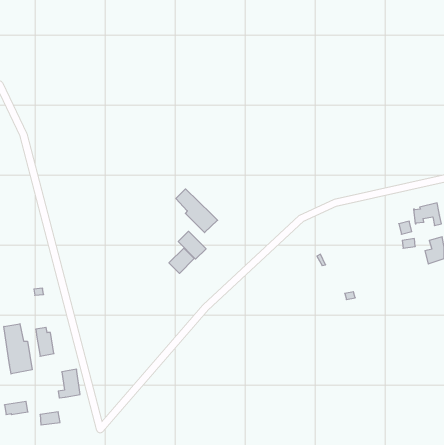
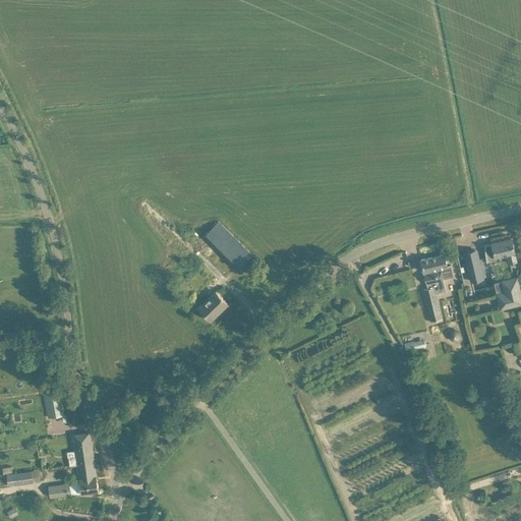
building: none -> [420,253,452,321]
building: [178,231,206,259] -> none
building: [4,324,32,374] -> none
building: none -> [76,461,98,493]

